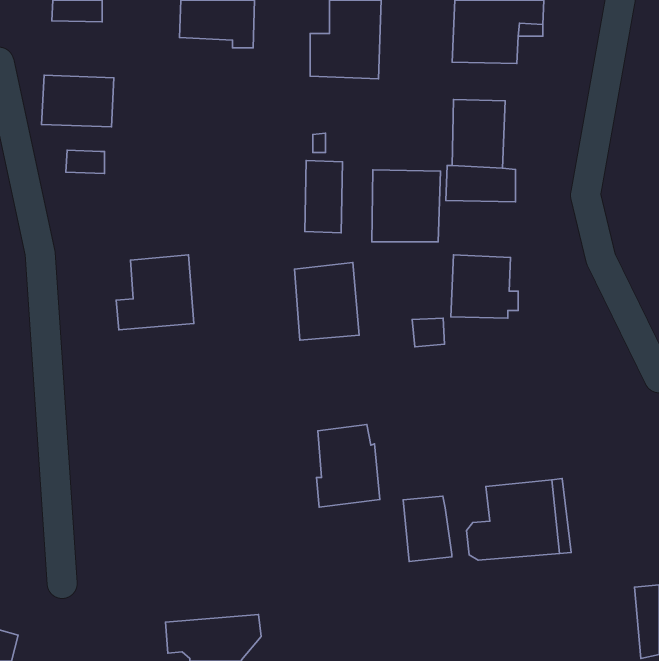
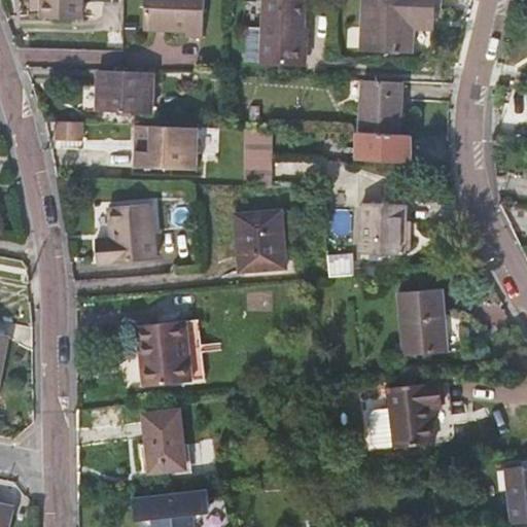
building: [42,75,114,127] -> [96,70,153,111]
building: none -> [135,122,200,168]
building: [372,170,441,242] -> none
building: none -> [397,284,448,353]
building: [316,424,380,507] -> [148,320,199,386]
building: [403,496,452,562] -> none
building: none -> [142,410,185,471]

